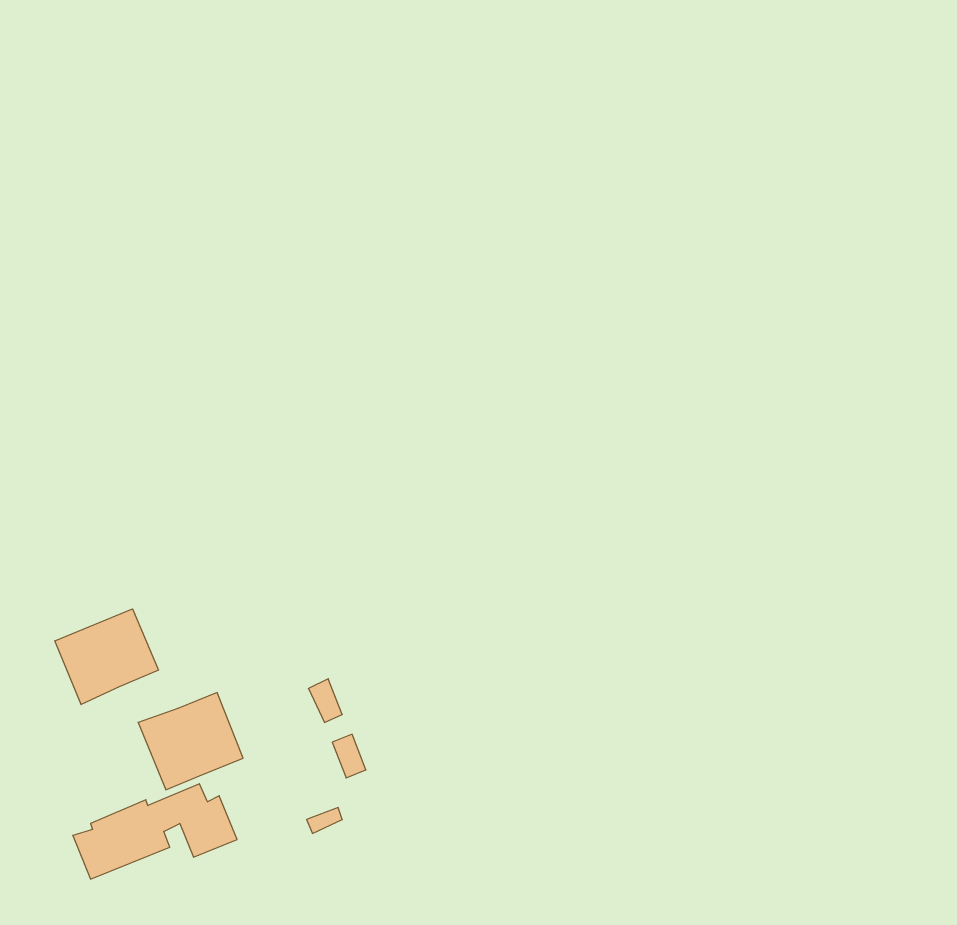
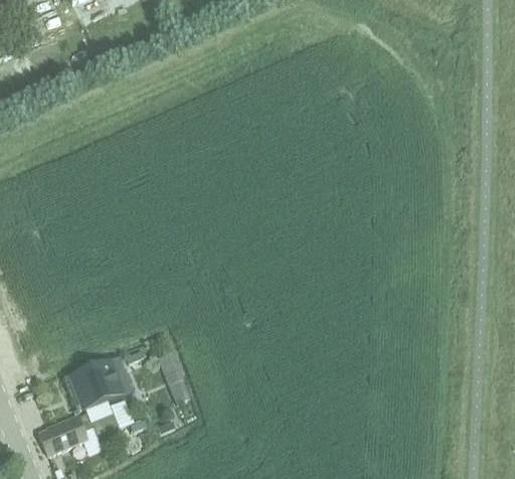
building: [55,609,158,705] -> none

